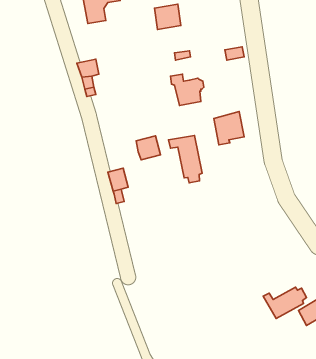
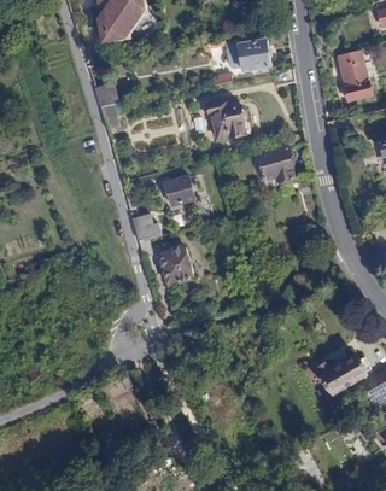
building: [155,4,181,29] -> [238,40,269,70]
building: none -> [337,51,372,101]
building: [169,136,202,183] -> none
building: none -> [159,244,193,281]

